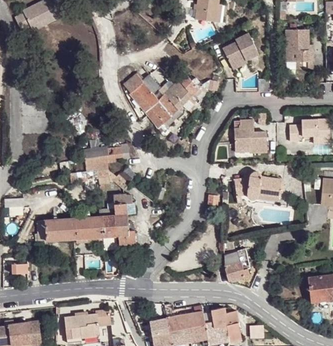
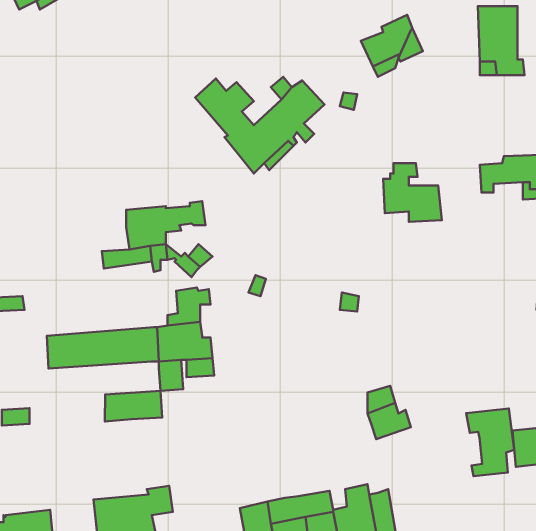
building: [234,172,280,200] -> none
building: none -> [105,391,162,421]
building: none -> [466,409,514,476]

